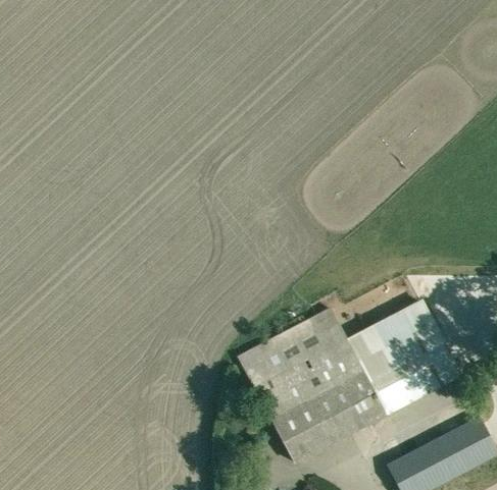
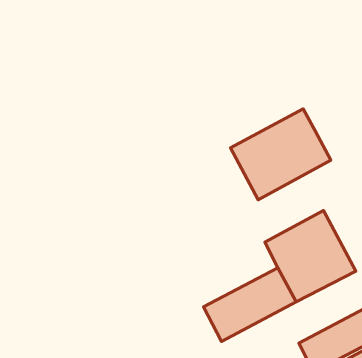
building: none -> [230,109,331,200]
building: [238,309,363,420] -> none

